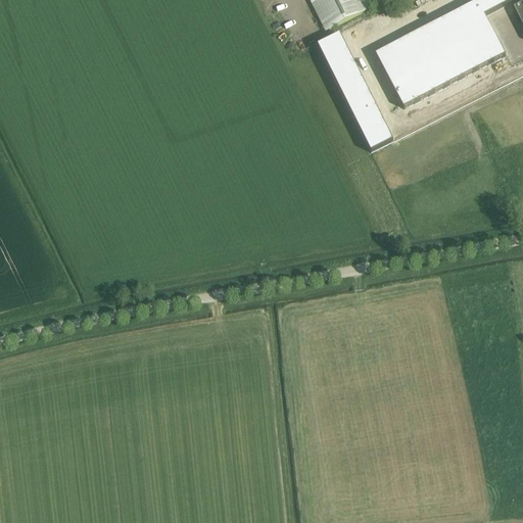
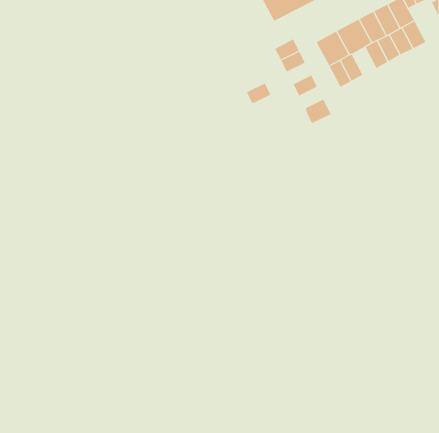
building: [317,29,348,58] -> none
building: [418,56,446,89] -> none
building: [340,75,370,100] -> [246,83,271,104]
building: [354,103,384,129] -> none

